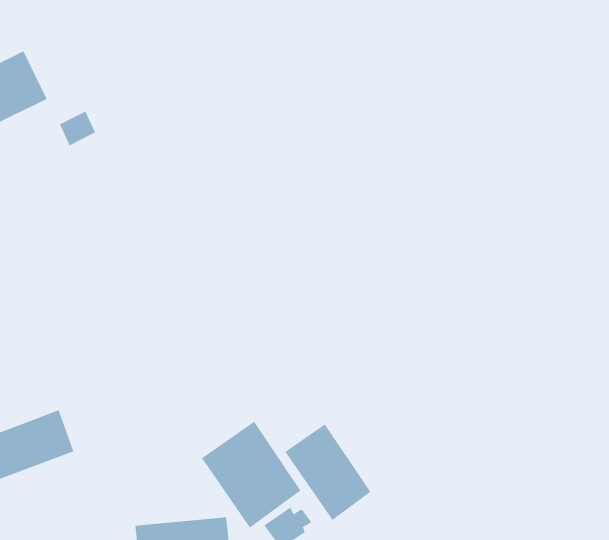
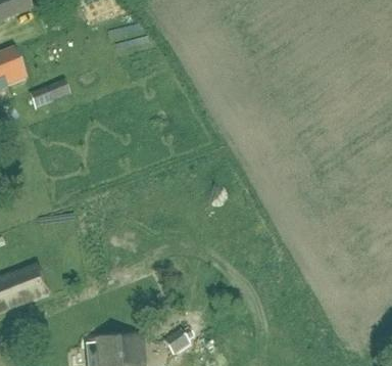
building: [201,421,301,528] -> none
building: [285,424,371,521] -> none

